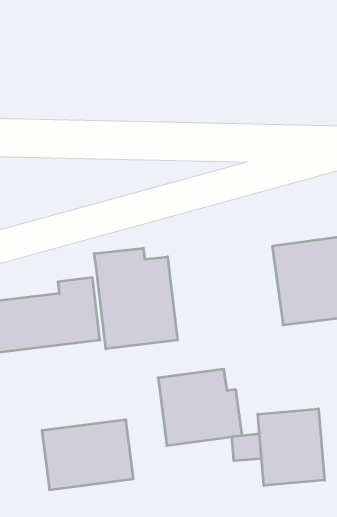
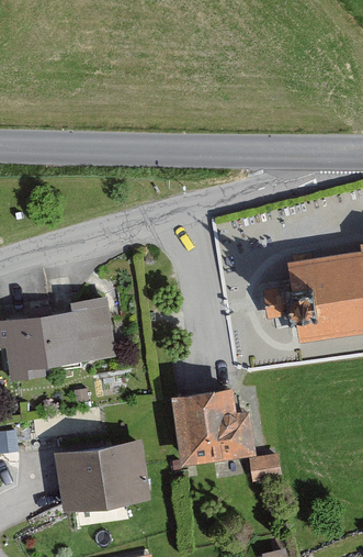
building: [94,248,178,349] -> none
building: [258,409,325,486] -> none

